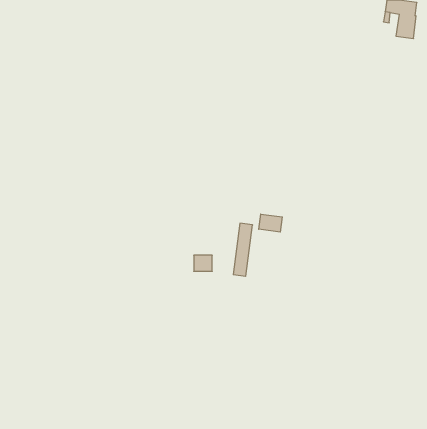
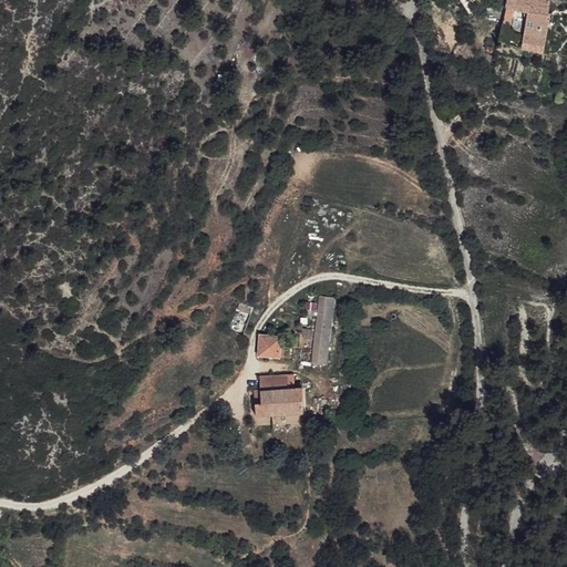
building: [259,214,282,232] -> none
building: none -> [250,374,299,414]

